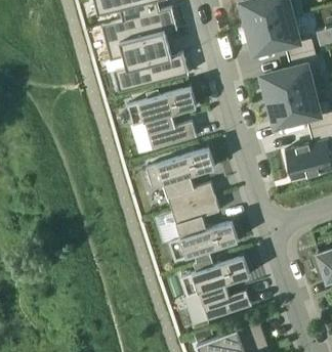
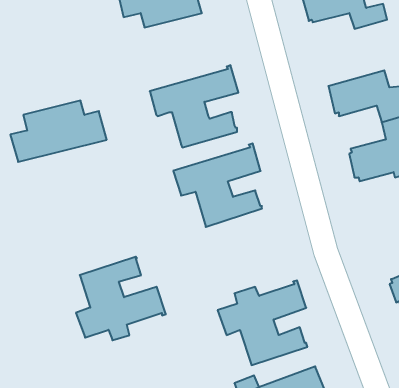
building: [113,44,189,92] -> [10,101,107,162]
building: [261,49,317,101] -> none
building: [168,197,239,263] -> [76,257,166,340]

